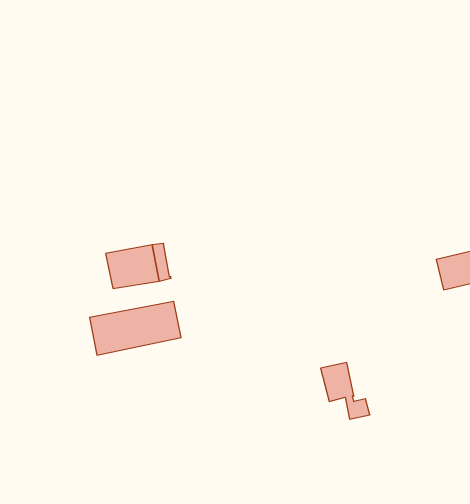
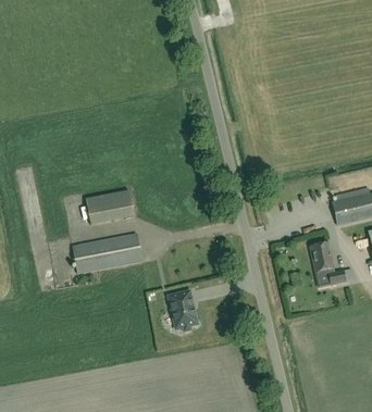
building: [321,363,370,419] -> [309,241,346,284]
building: none -> [168,290,197,329]

